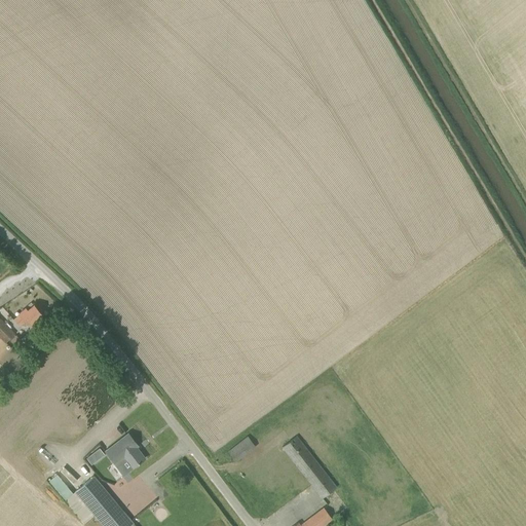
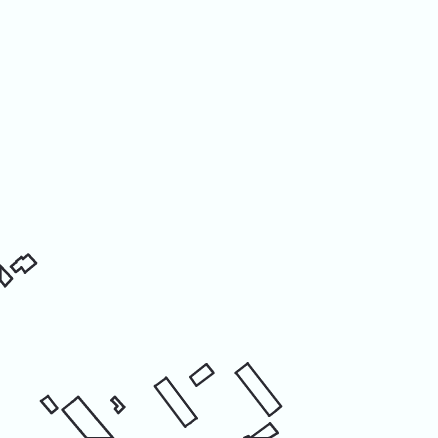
building: [106,434,145,475] -> none
building: none -> [155,378,197,427]

